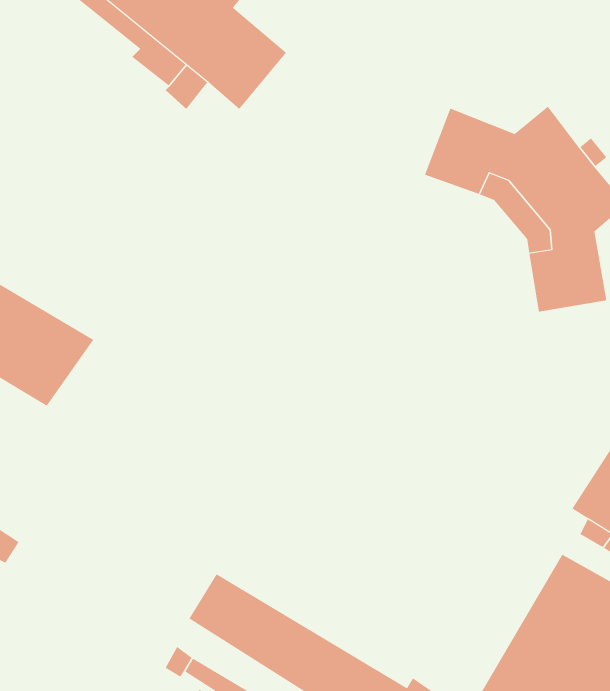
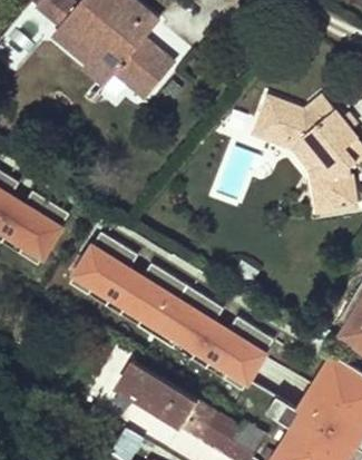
building: none -> [67,239,273,383]

